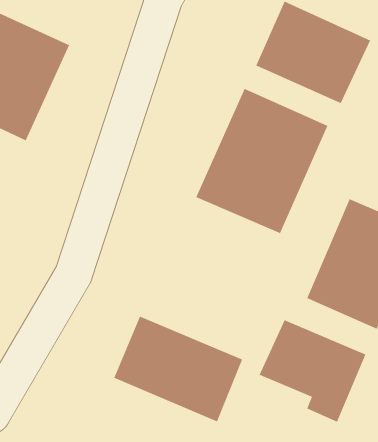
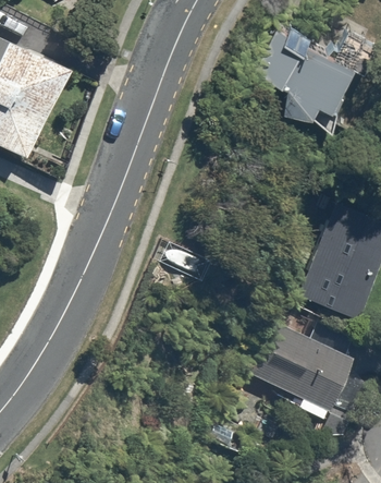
building: [195,88,328,234] -> none
building: [113,316,243,422] -> none

